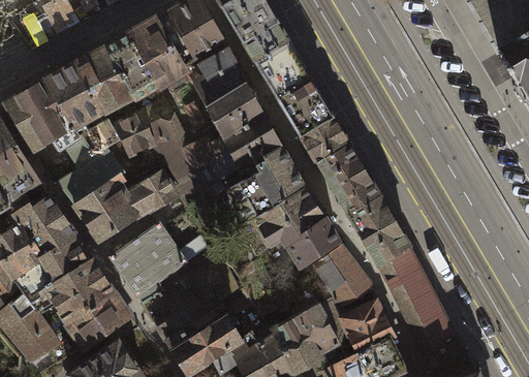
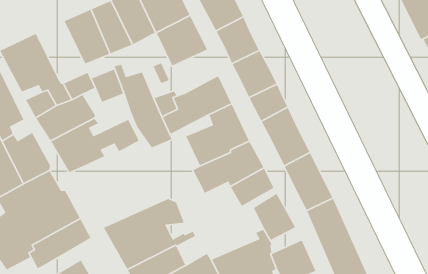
building: [46,64,106,133] -> none
building: [209,86,264,138] -> none
building: [111,225,209,296] -> none

